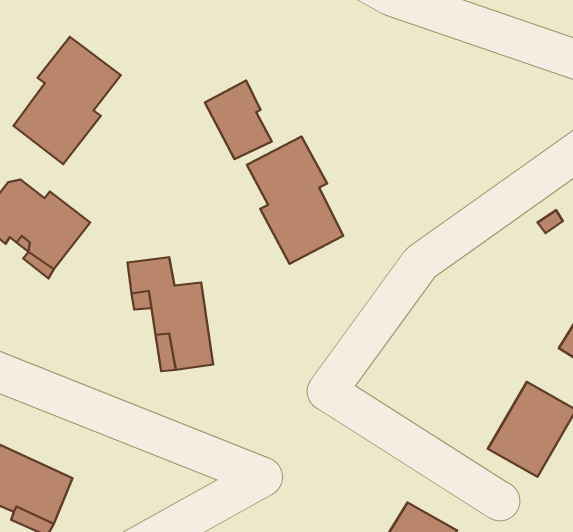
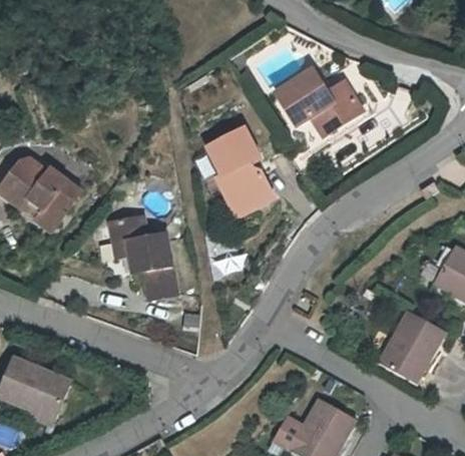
building: [14,37,121,164] -> none
building: none -> [268,67,363,138]
building: [205,80,272,159] -> none

